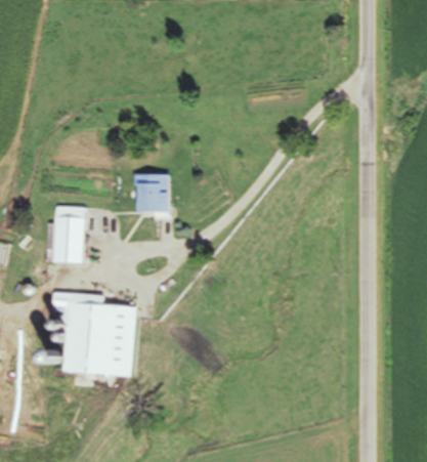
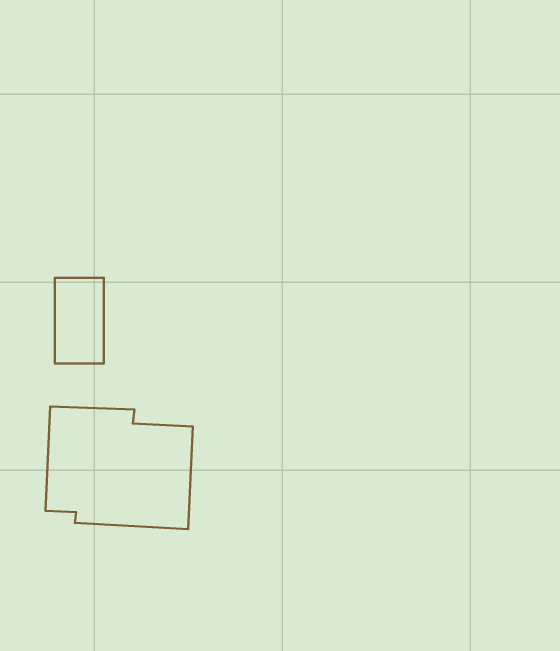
building: [132,174,170,218] -> none

